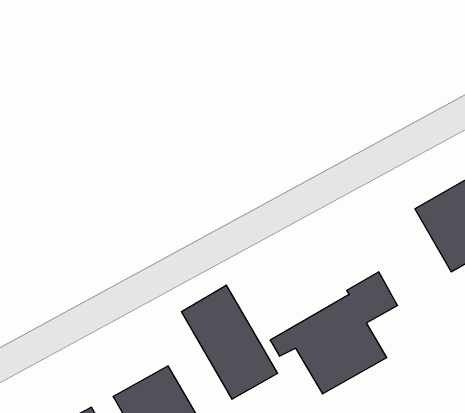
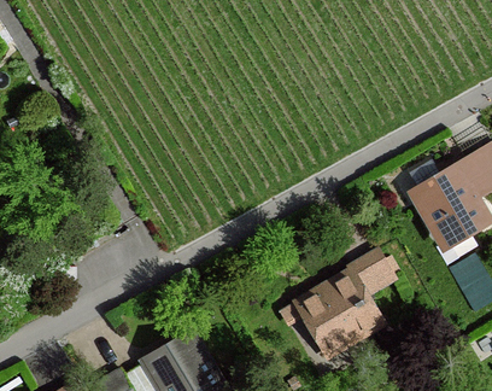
building: [182,285,278,399] -> none

